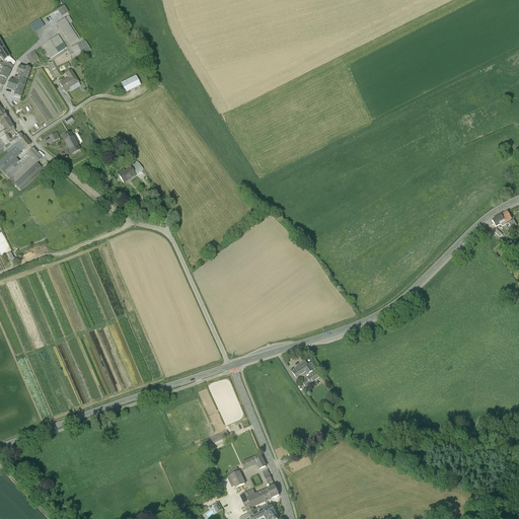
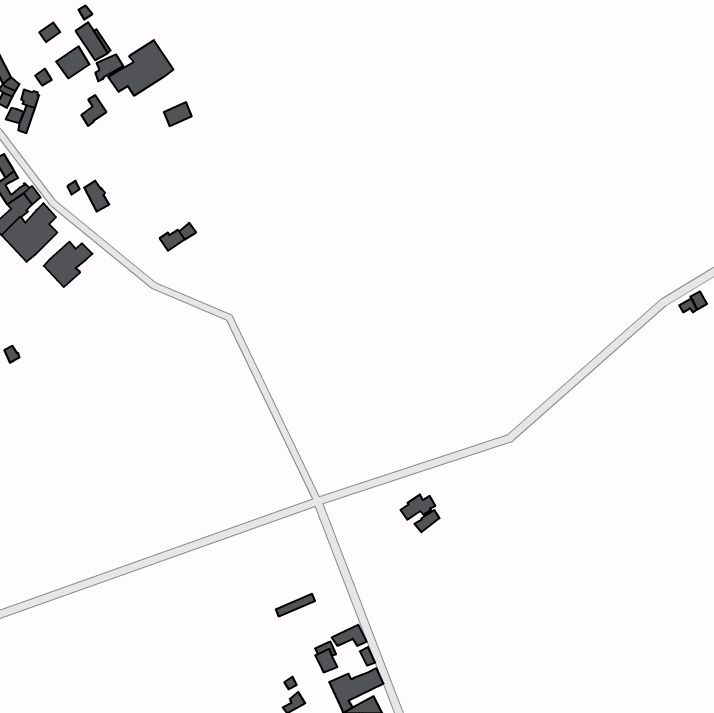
building: none -> [108,40,173,96]
building: none -> [44,242,93,287]

